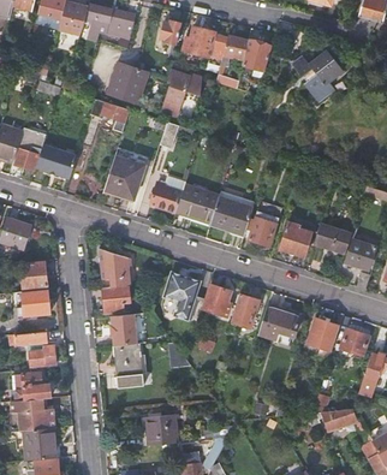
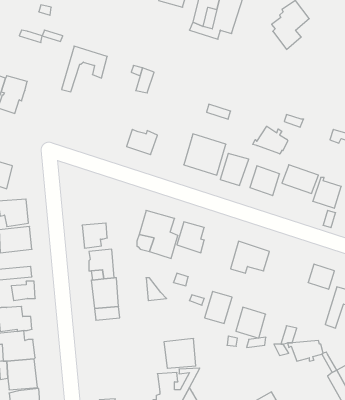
building: [108,63,149,103] -> none
building: [160,69,203,117] -> none
building: [36,146,77,179] -> none
building: [105,156,145,200] -> none
building: none -> [253,126,288,154]
building: [177,184,219,224] -> none
building: [100,247,131,287] -> none
building: [231,293,260,327] -> [205,291,232,323]
building: [308,317,339,350] -> [236,307,266,338]
building: [144,414,178,445] -> [164,339,196,368]

